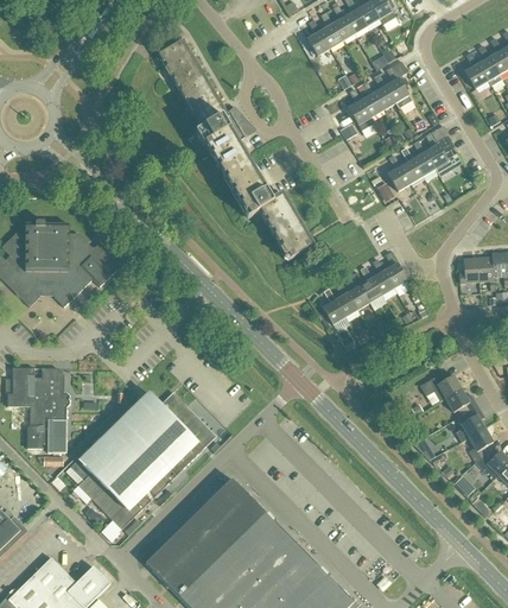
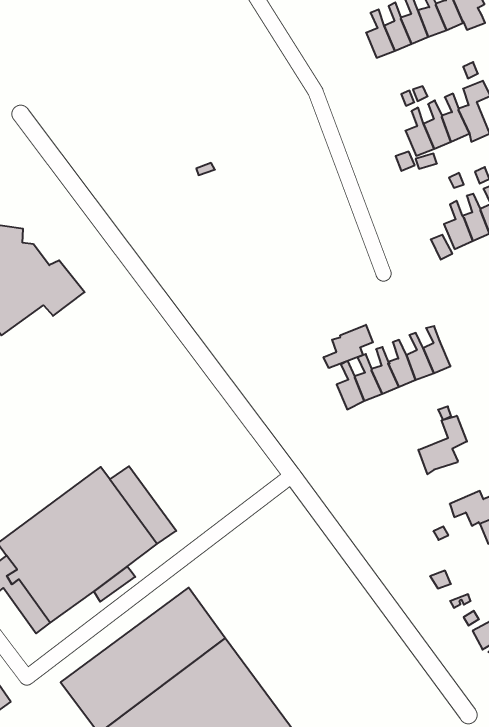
building: [158,42,310,259] -> none
building: none -> [324,325,373,368]
building: none -> [418,416,467,474]

